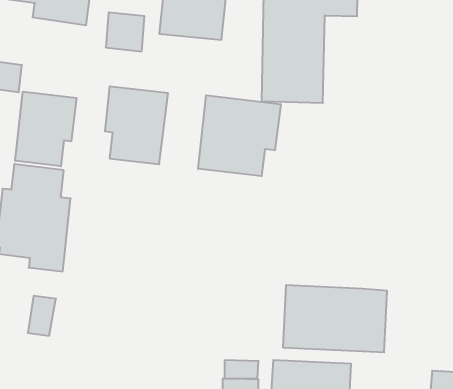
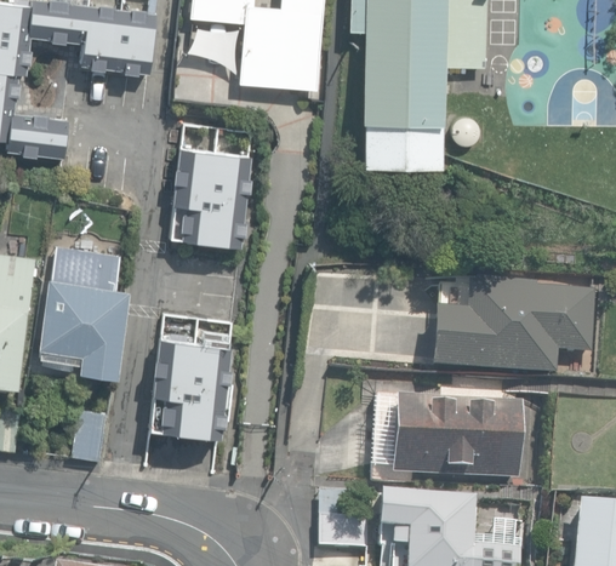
building: [15,92,77,166] -> none
building: [198,95,281,176] -> none
building: none -> [429,279,592,372]
building: none -> [149,337,233,436]

